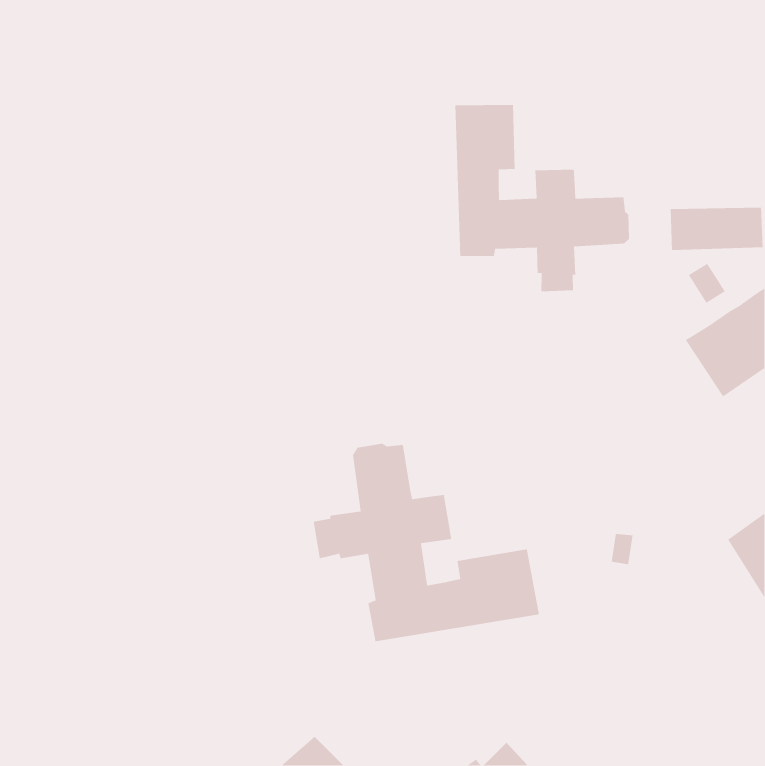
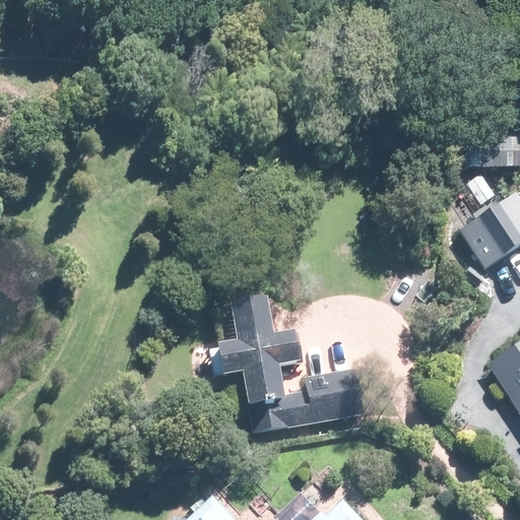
building: [455,104,630,292] -> none

